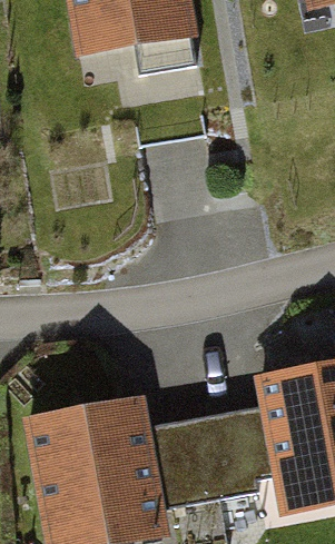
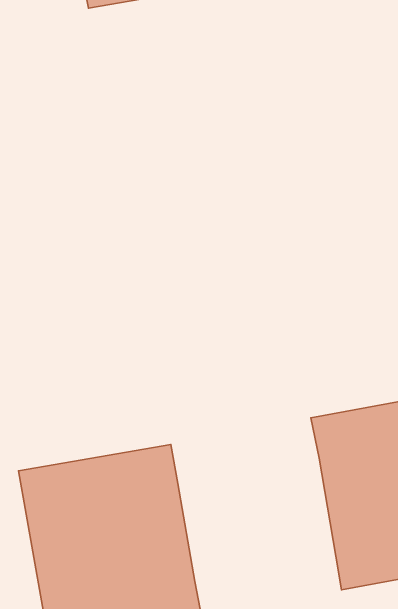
building: [150,411,276,508] -> none

